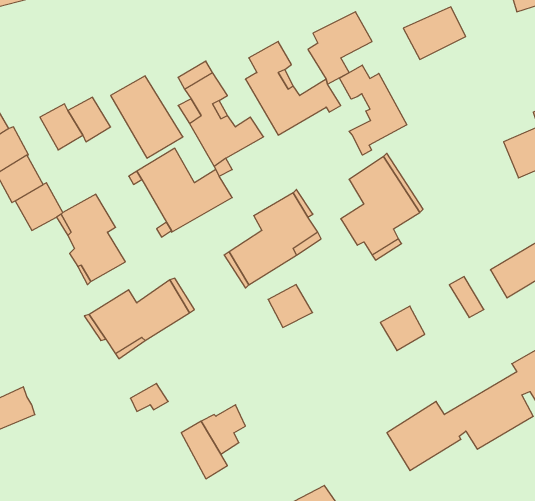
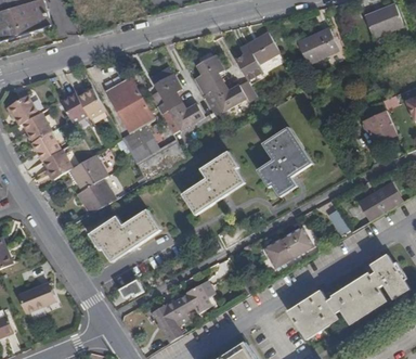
building: [340,65,407,155] -> none
building: [268,285,313,327] -> [264,239,294,267]
building: none -> [186,280,214,313]

